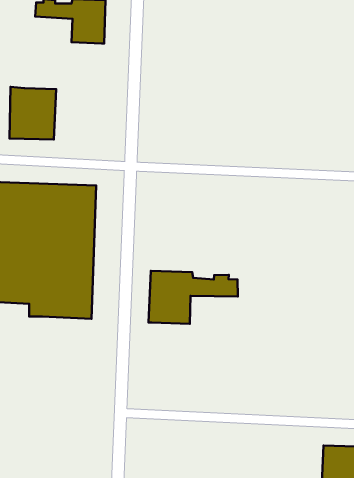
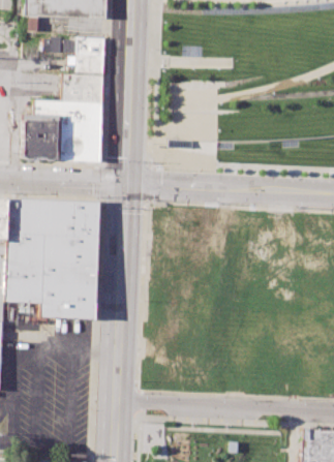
building: none -> [35,73,103,162]
building: [149,271,238,324] -> none

